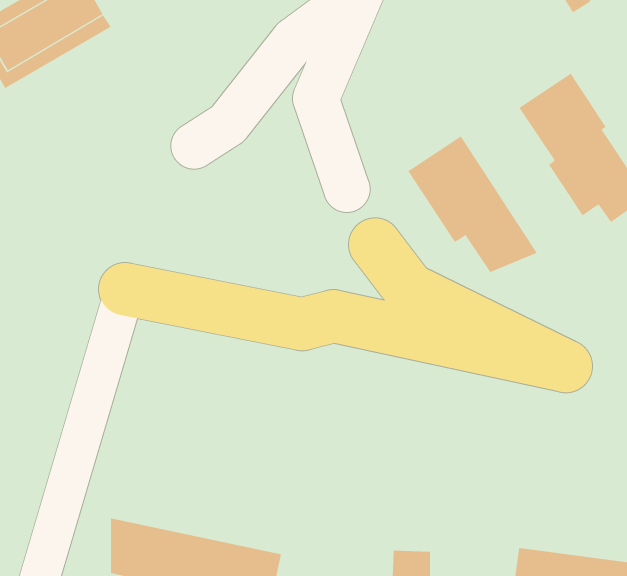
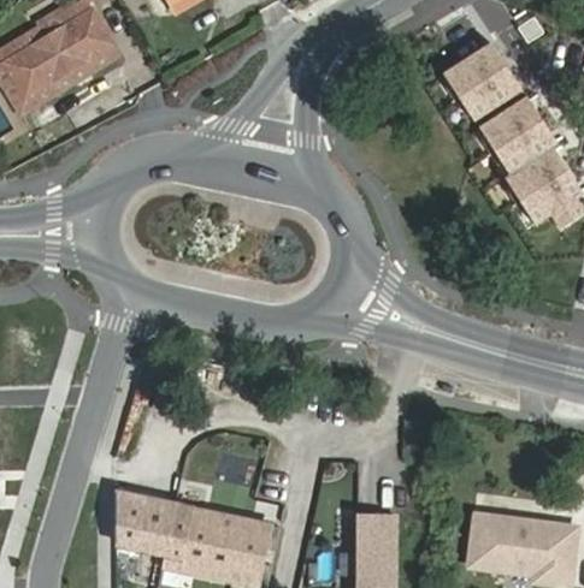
building: none -> [443,41,521,119]
building: [407,136,537,273] -> none

